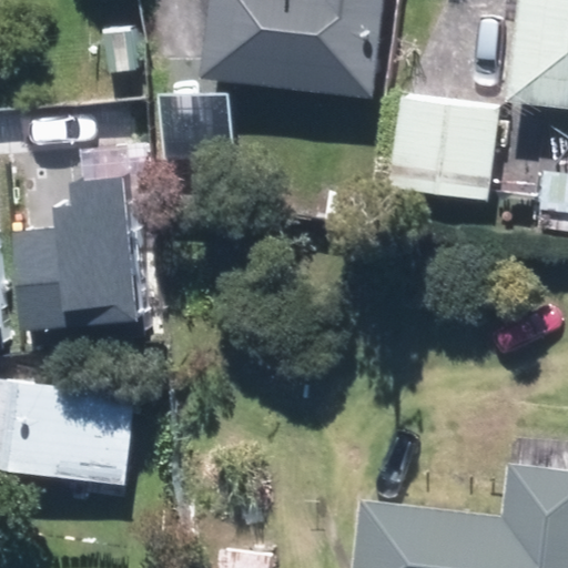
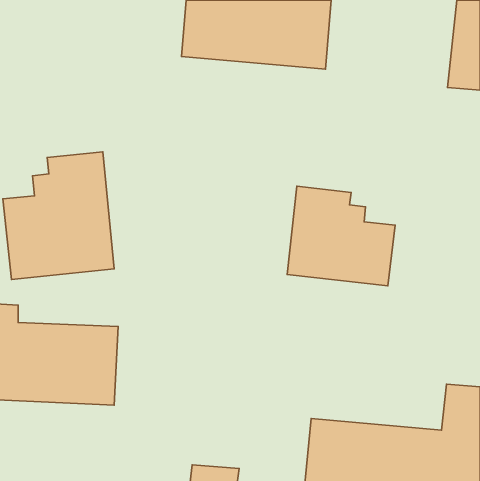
building: [390,95,498,201] -> none
building: none -> [287,186,395,286]

